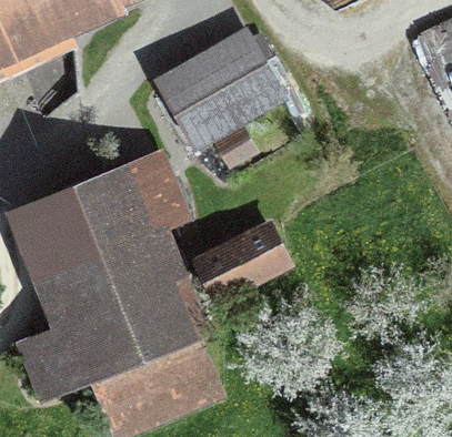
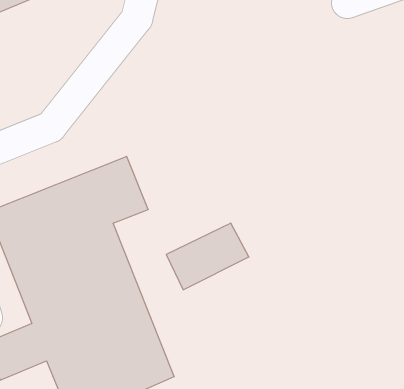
building: [165,39,284,145] -> none

